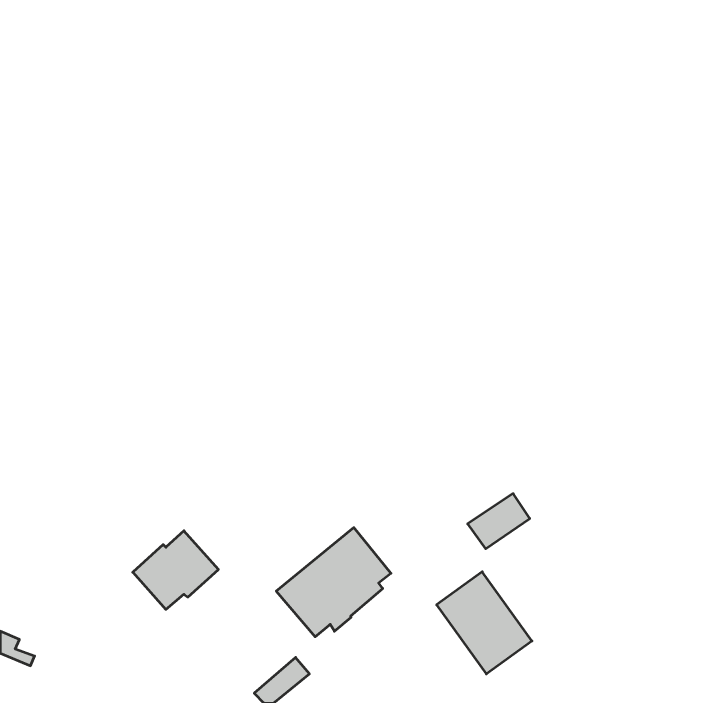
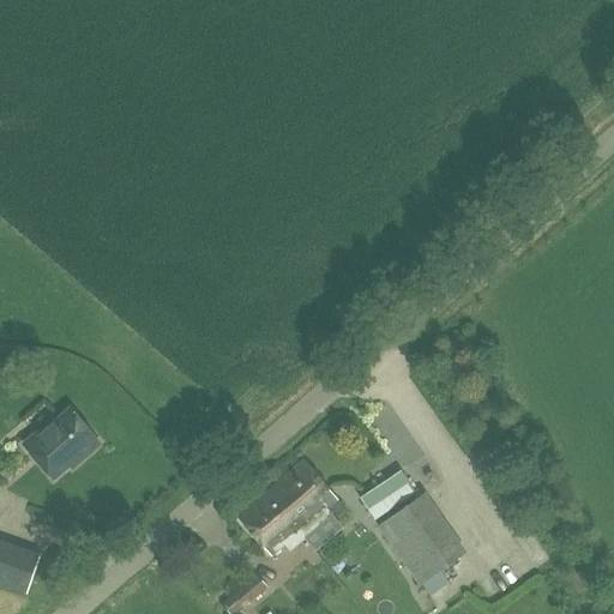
building: [468,494,530,549] -> [361,470,415,518]
building: [133,531,218,609] -> [25,408,100,476]

